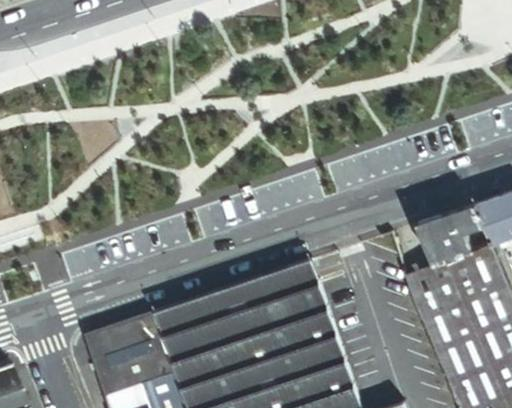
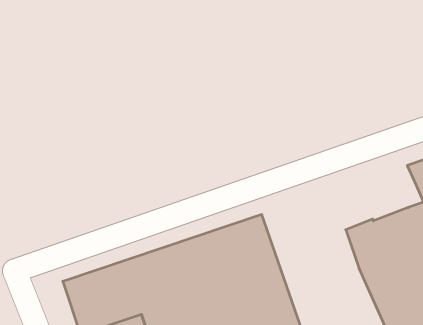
building: [420,205,486,267] -> none

